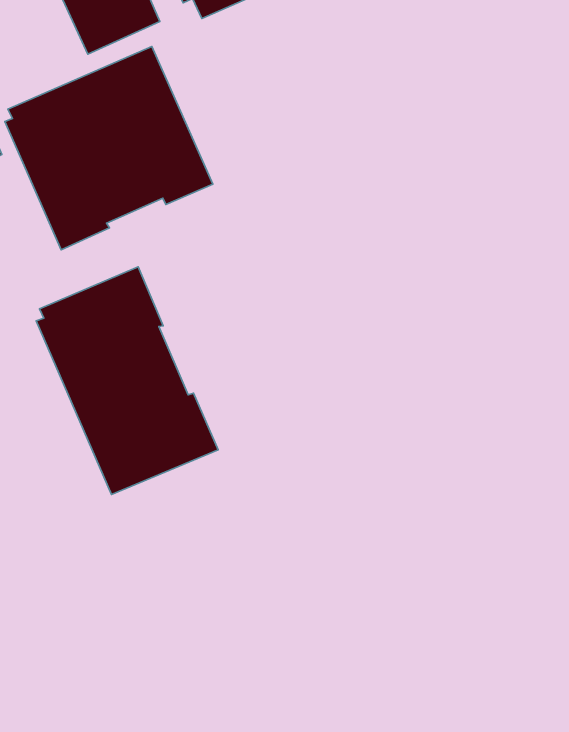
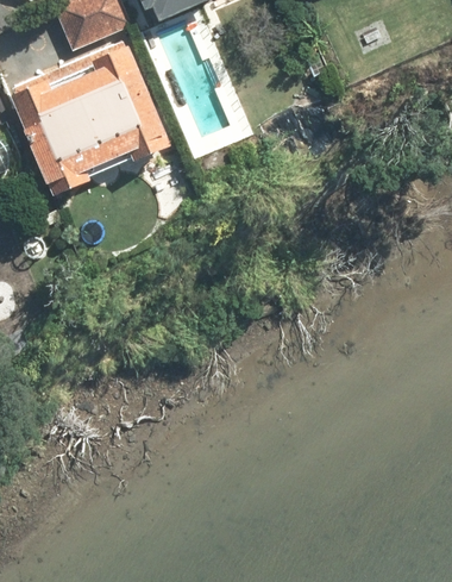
building: [36,267,218,495] -> none

